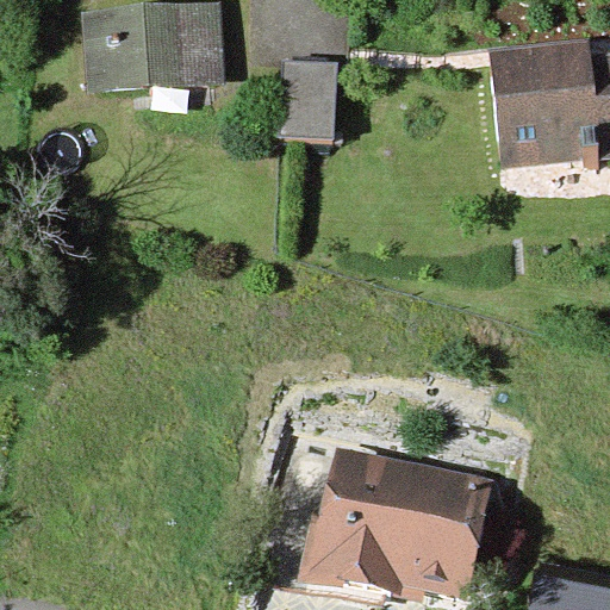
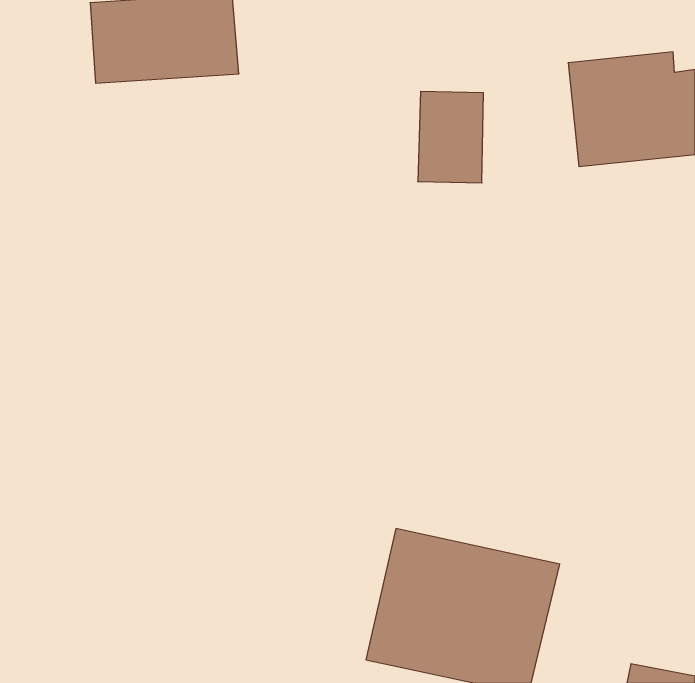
building: [278,61,335,141] -> [418,91,483,183]

